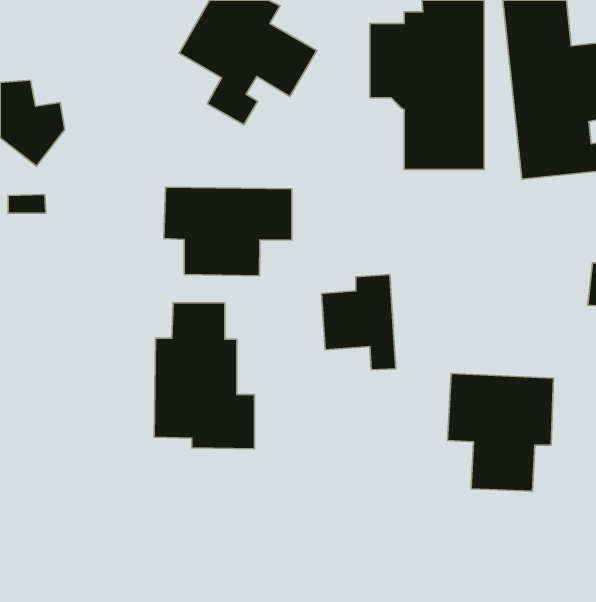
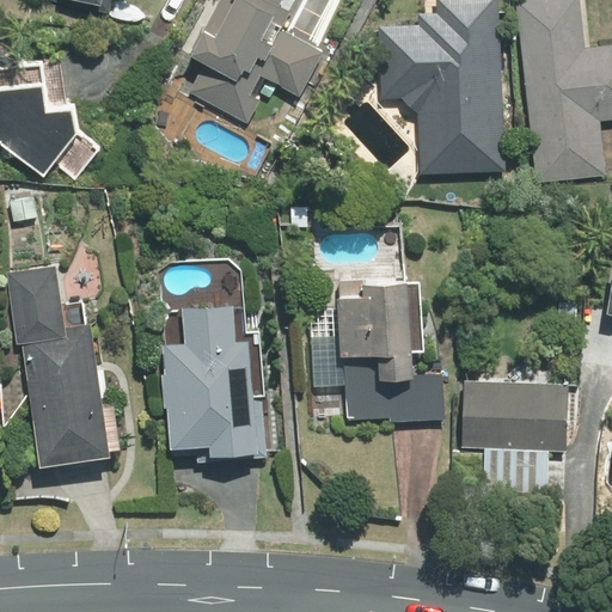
building: [164,187,292,276] -> none
building: none -> [12,265,106,464]
building: none -> [348,361,442,424]

